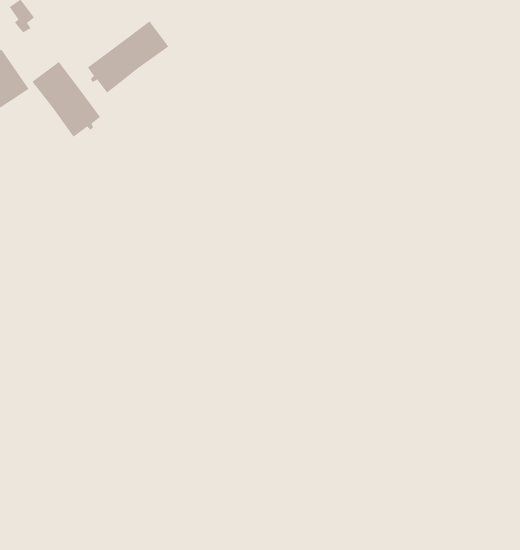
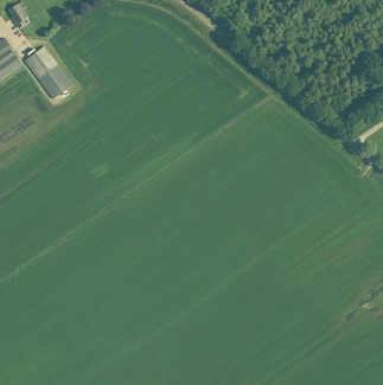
building: [87,20,169,93] -> none

